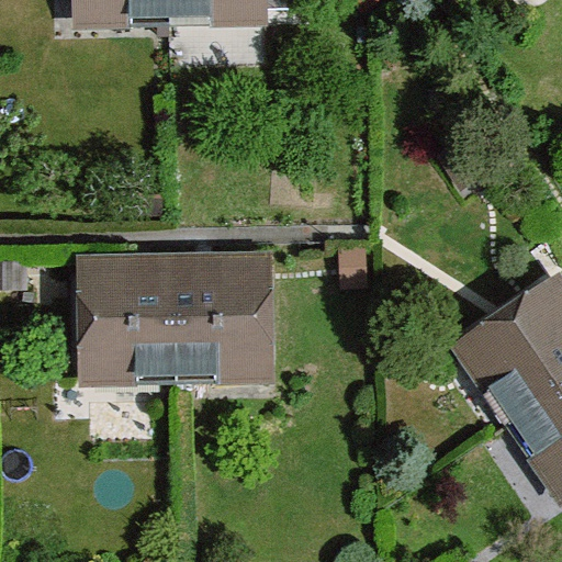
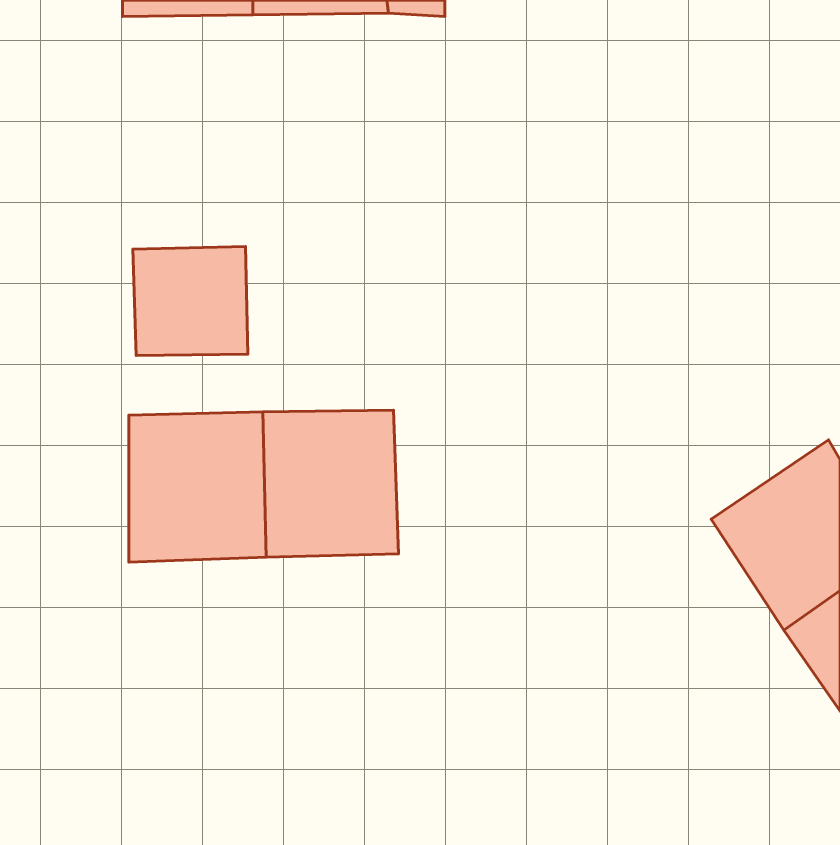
building: none -> [133,246,248,355]

